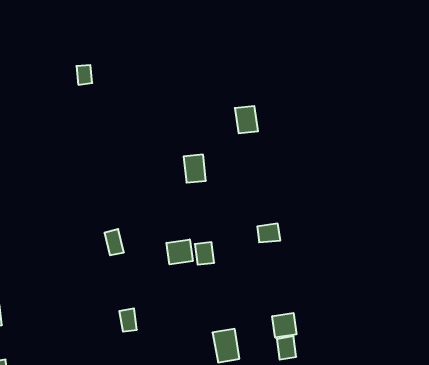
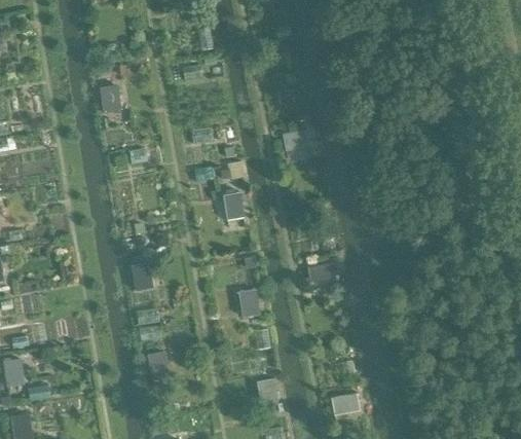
building: [167,239,193,264] -> none
building: [272,313,296,338] -> none

